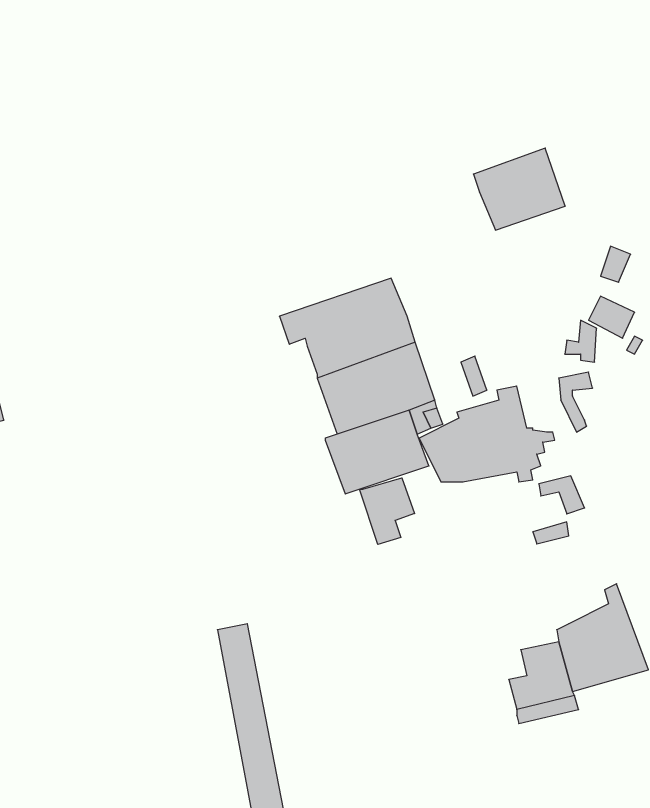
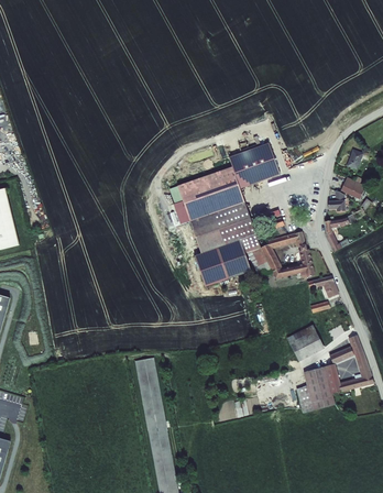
building: [473,148,565,230] -> [228,142,278,187]
building: [359,478,415,544] -> none
building: none -> [286,325,328,361]

